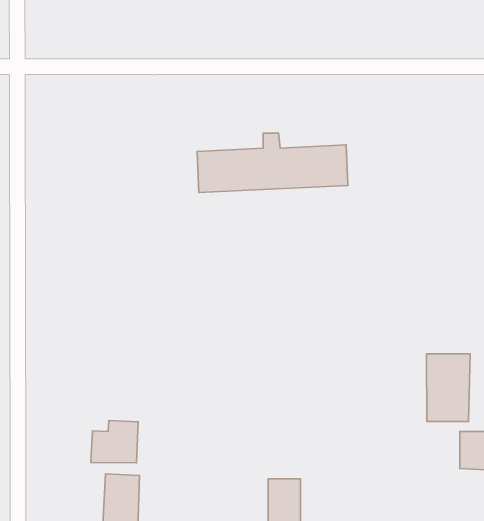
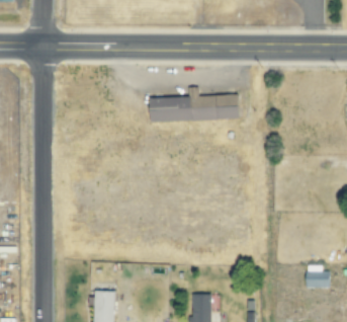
building: [427,354,470,422] -> none
building: [91,420,138,463] -> none

